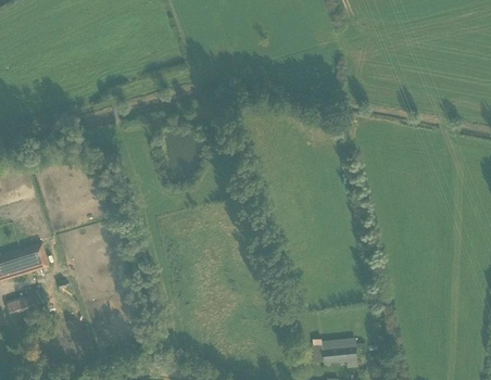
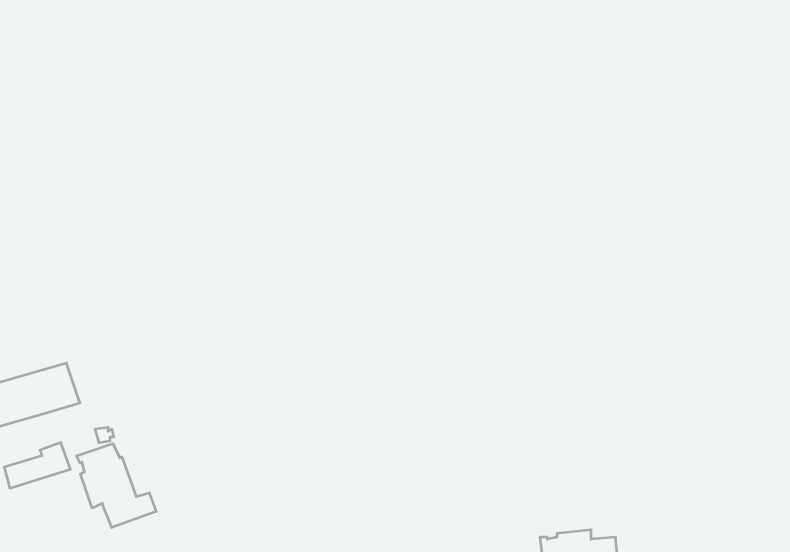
building: none -> [77,444,156,528]

